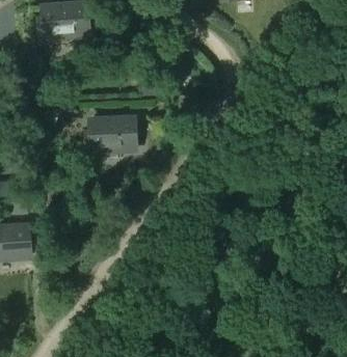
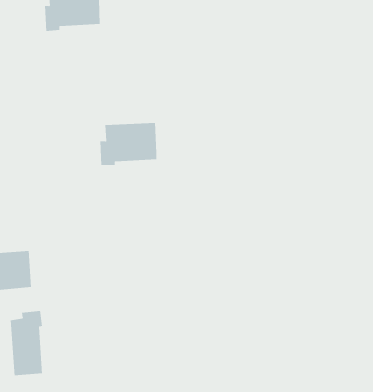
building: none -> [10,310,42,376]

